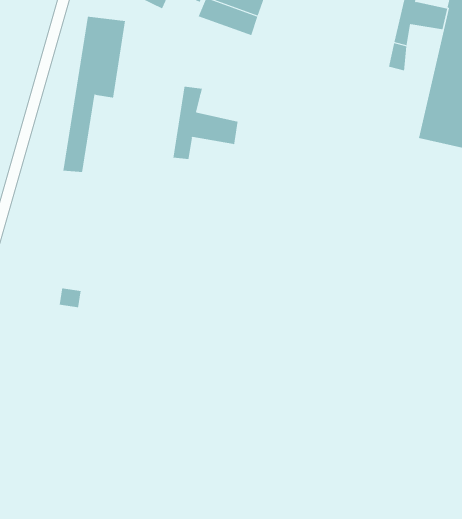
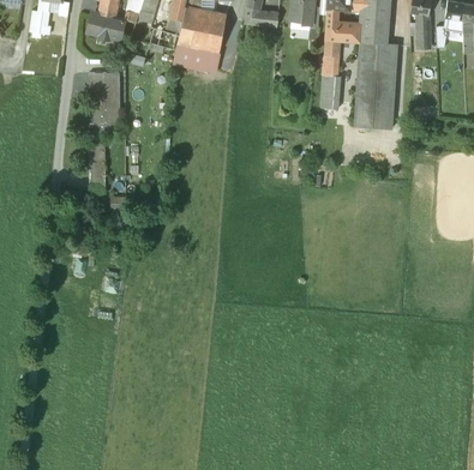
building: none -> [320,74,340,108]
building: [173,86,238,160] -> none

